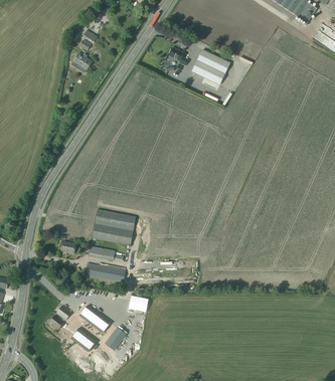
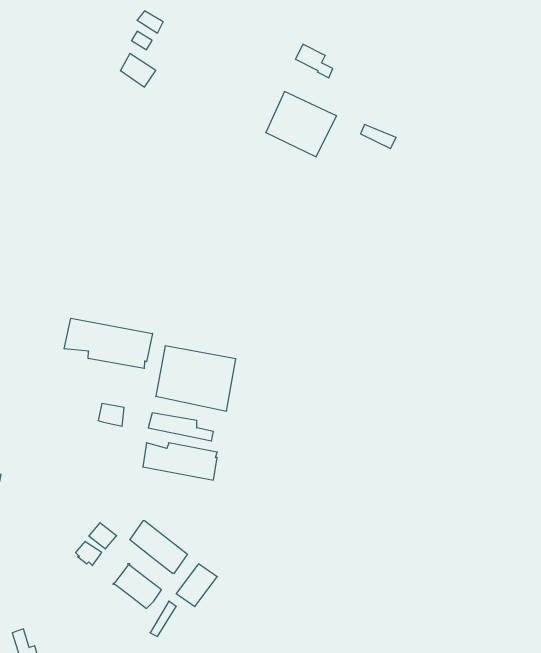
building: [192,48,230,83] -> [266,92,337,157]
building: none -> [64,318,152,368]

